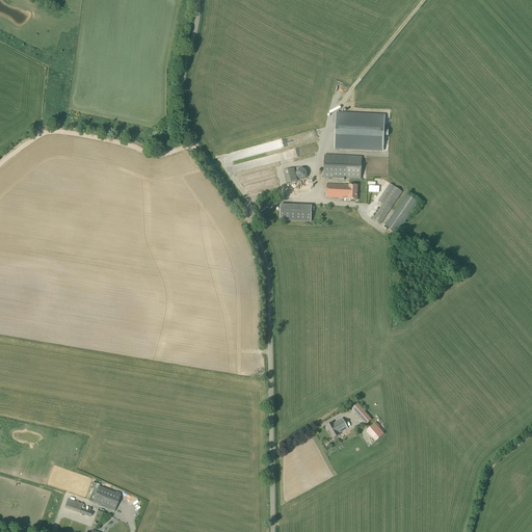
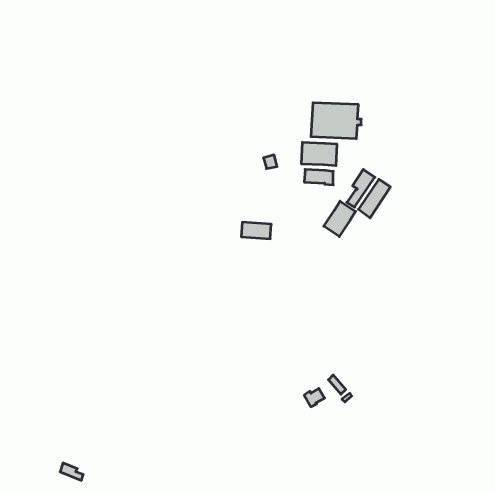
building: [280,203,312,220] -> [241,222,271,239]
building: none -> [324,201,356,237]
building: [92,484,121,510] -> none

